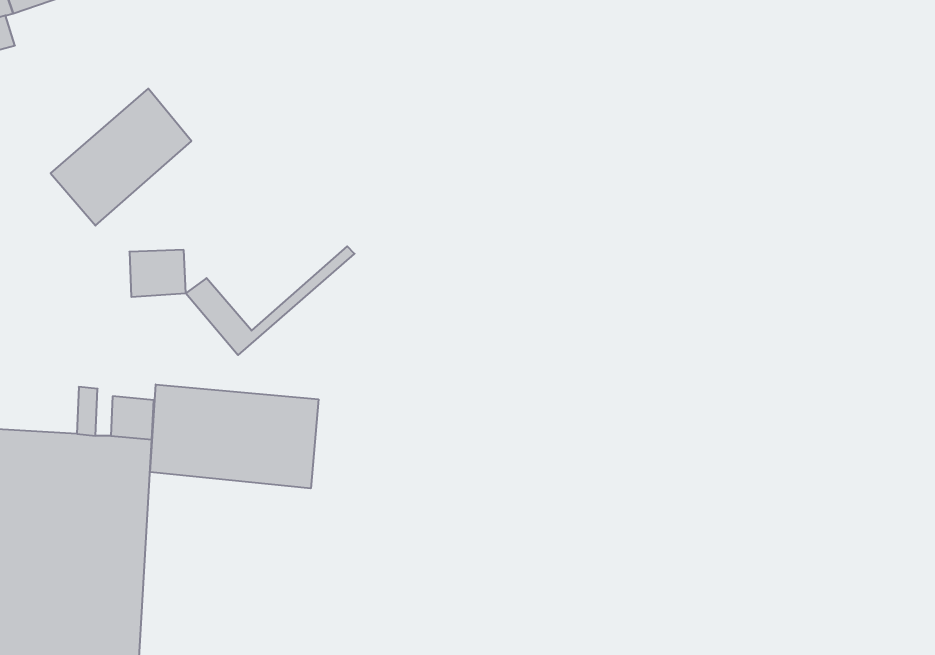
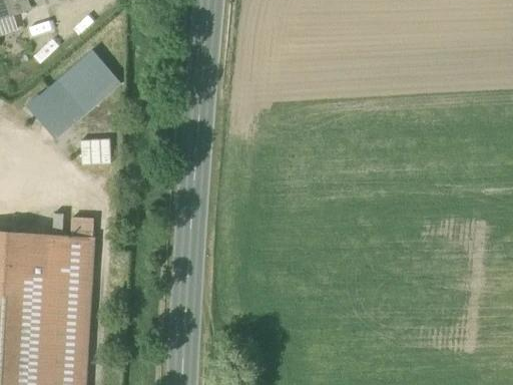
building: [186,246,355,355] -> [27,79,117,137]
building: [150,384,318,488] -> none

